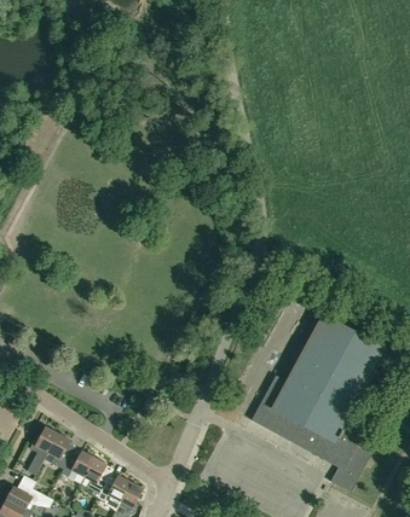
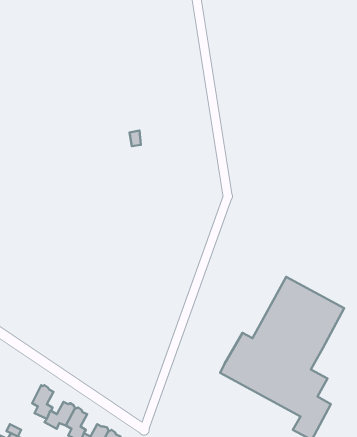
building: [27,426,57,475] -> none

